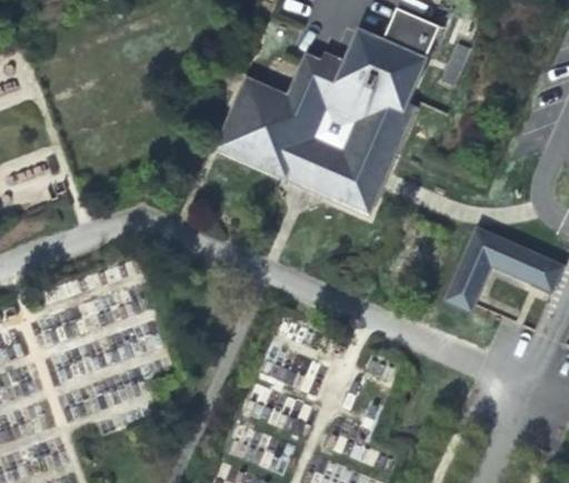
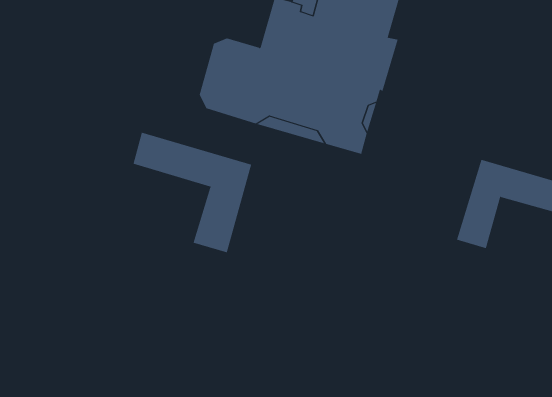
building: none -> [133,132,252,253]

